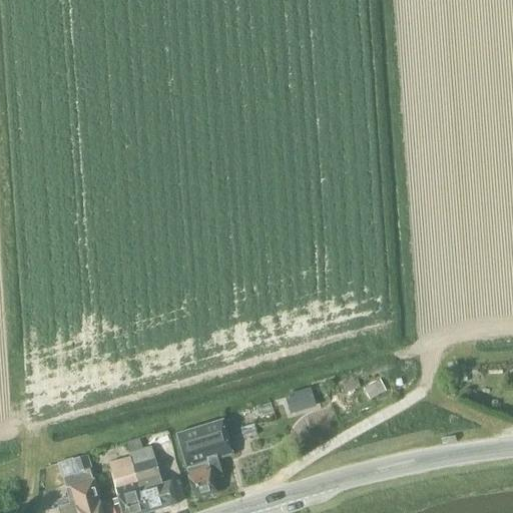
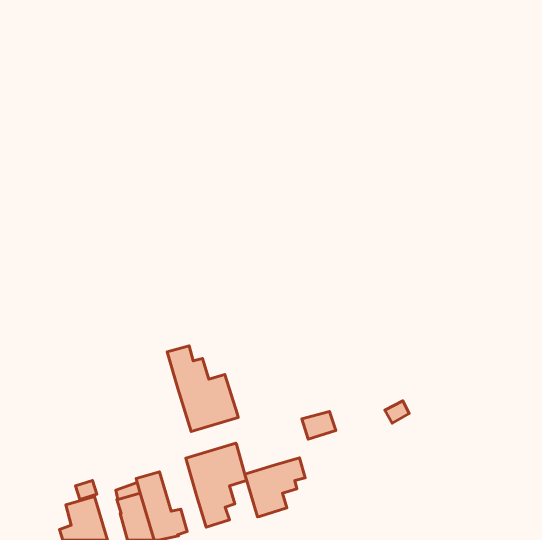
building: none -> [167,346,238,431]
building: none -> [245,458,305,517]

